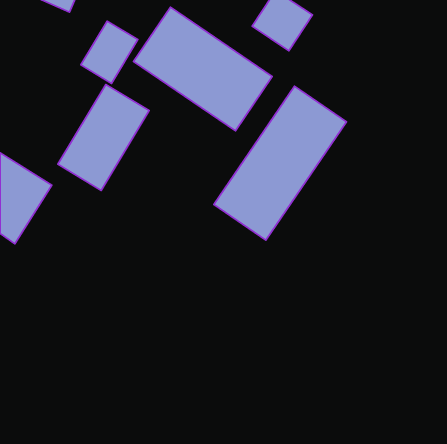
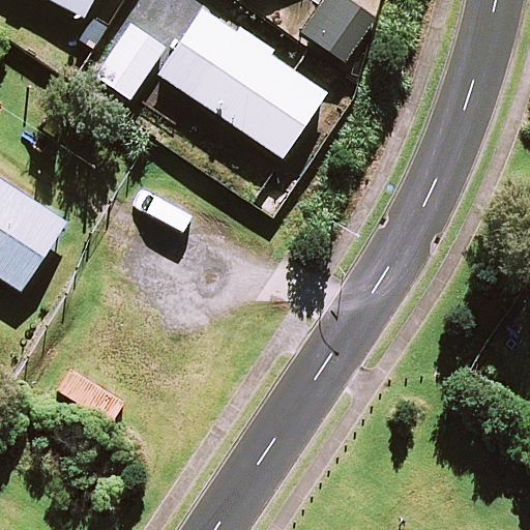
building: [58,84,149,190] -> none
building: [214,86,346,240] -> none

